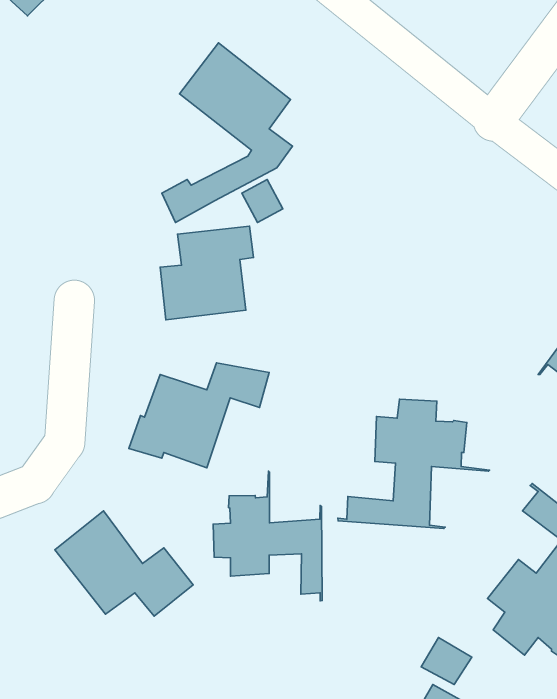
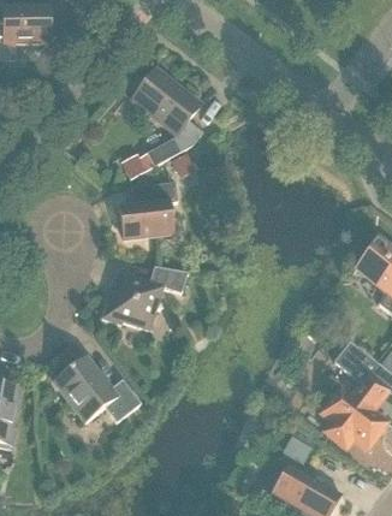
building: [338,399,490,528] -> none
building: [213,471,322,601] -> none

